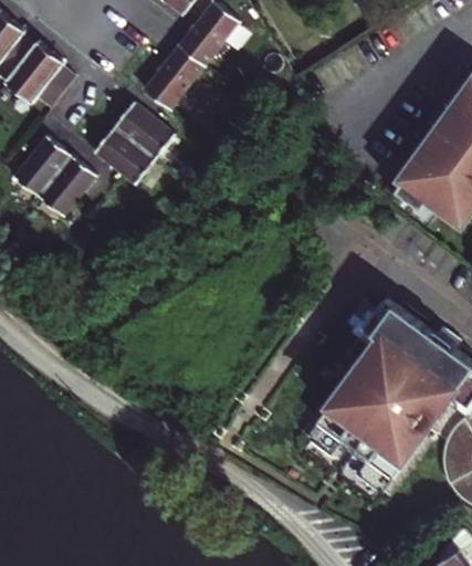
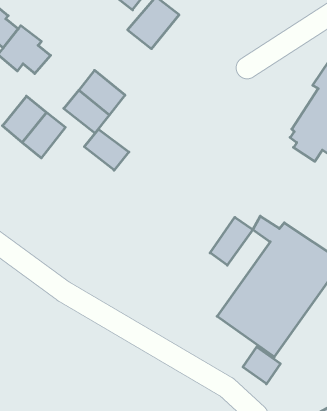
building: [146,49,212,118] -> none
building: none -> [84,129,129,170]
building: none -> [210,217,253,265]
building: none -> [243,347,280,384]

